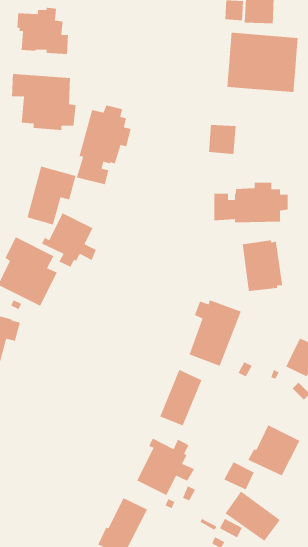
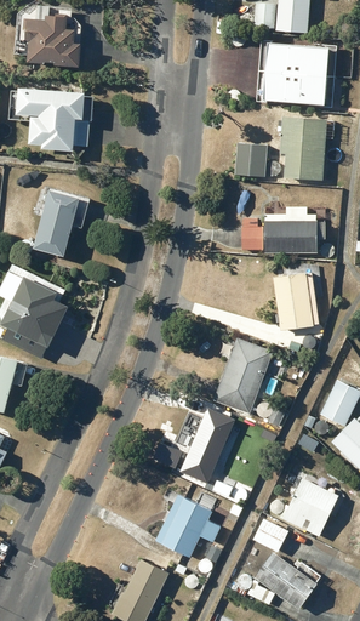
building: none -> [280,116,326,180]
building: [76,105,132,185] -> none
building: [41,212,97,268] -> none

